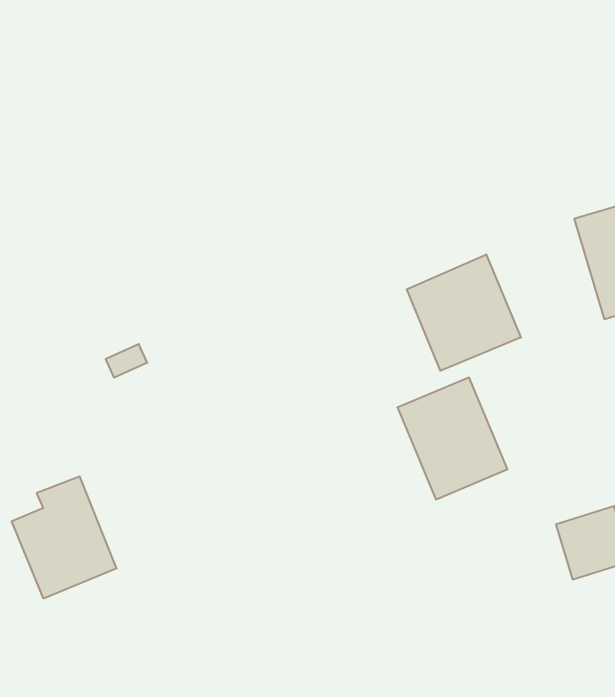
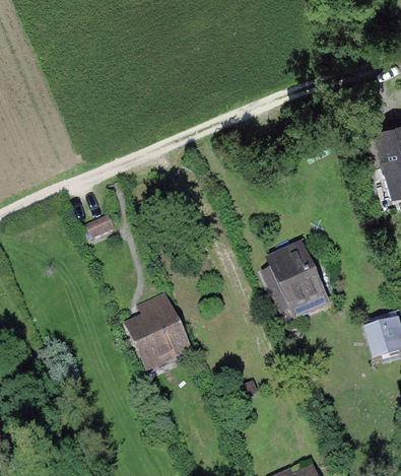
building: [407,254,521,371] -> none
building: [12,477,117,598] -> [124,294,188,368]

